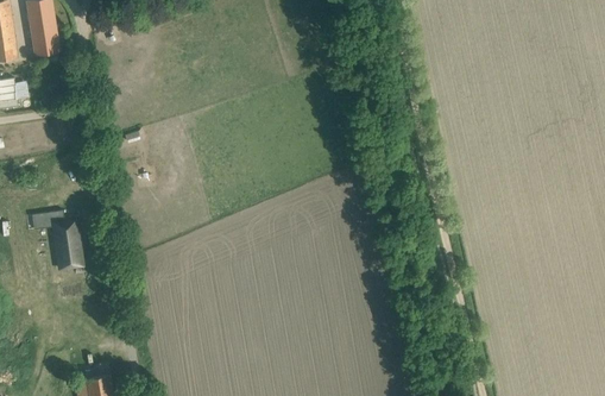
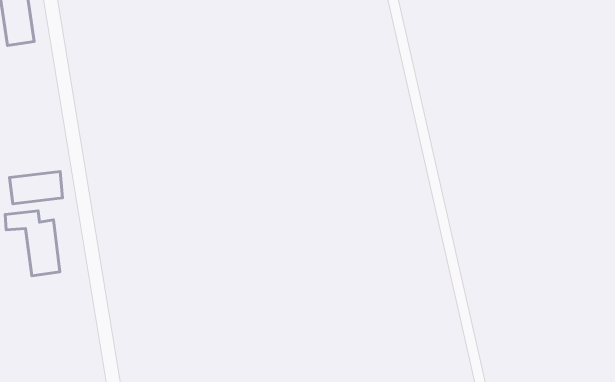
building: none -> [10,171,62,204]

